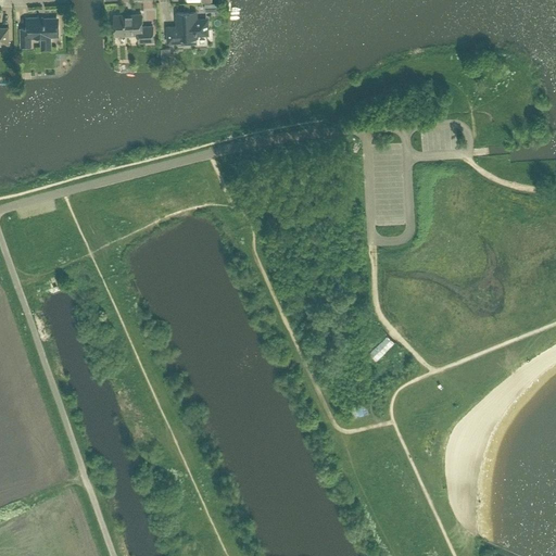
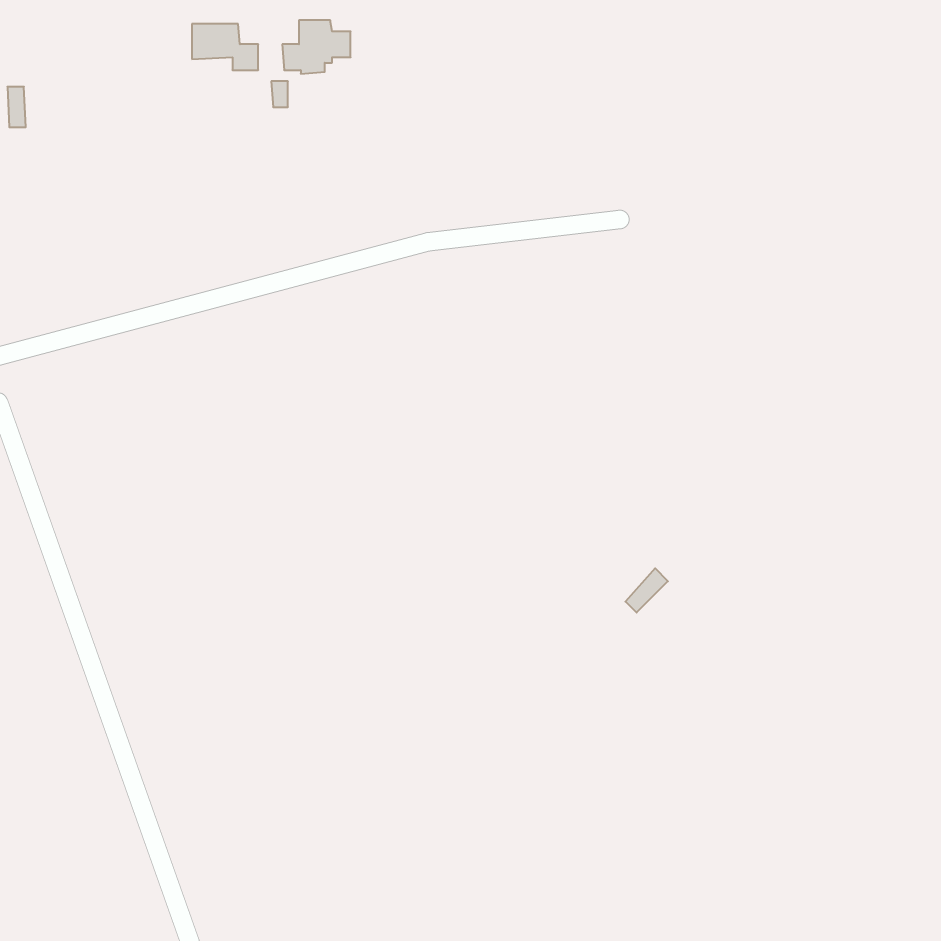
building: [20,18,58,50] -> none

